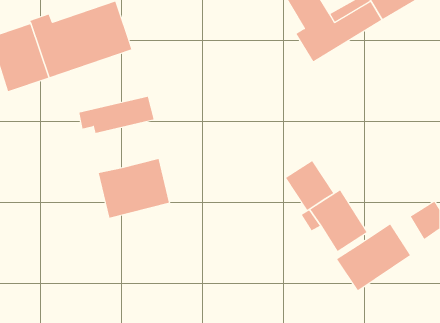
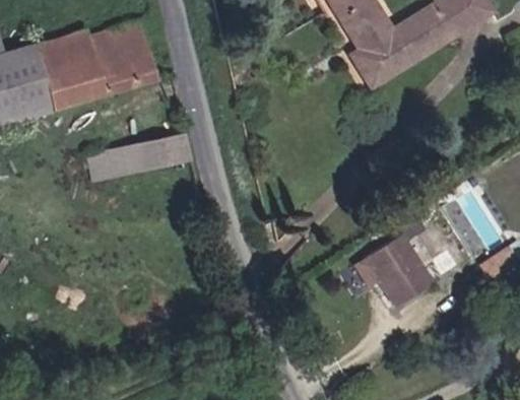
building: [98,158,169,218] -> none
building: [285,160,334,211] -> none
building: [336,223,411,291] -> none

